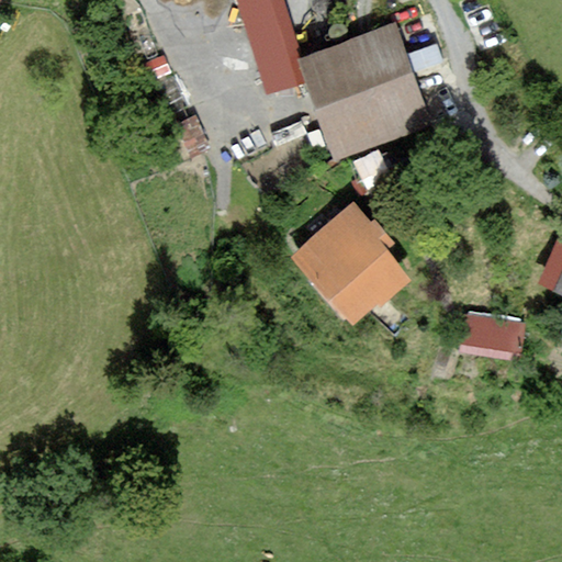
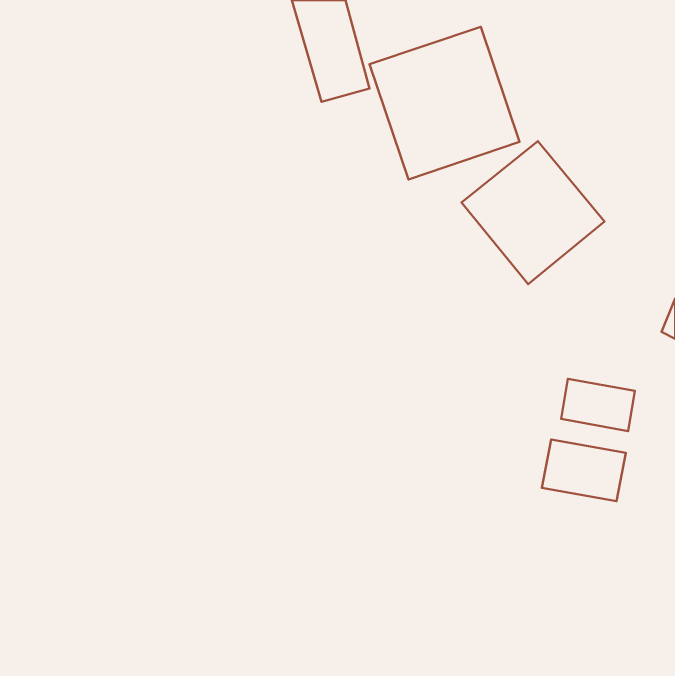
building: [294,200,412,317] -> [461,141,605,284]
building: none -> [542,440,626,501]

